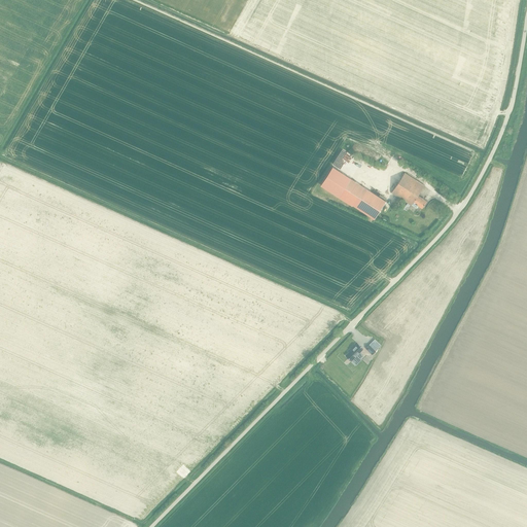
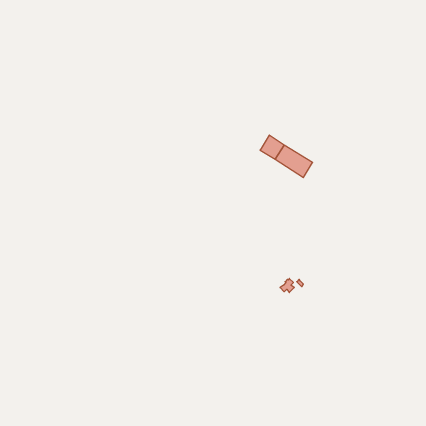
building: [392,173,427,208] -> none

